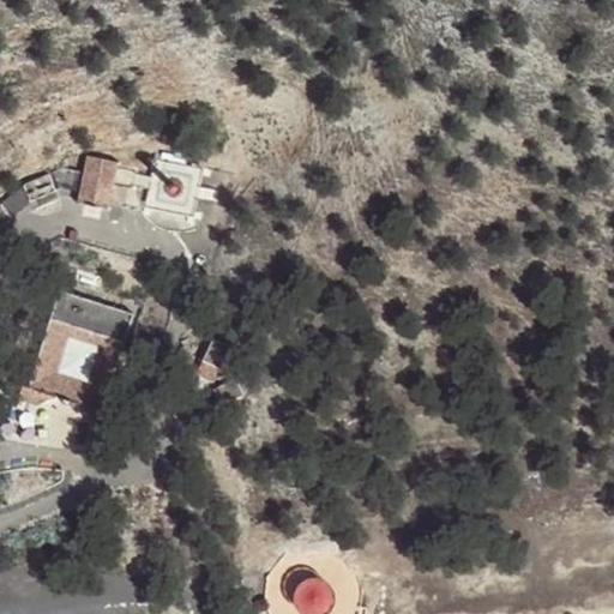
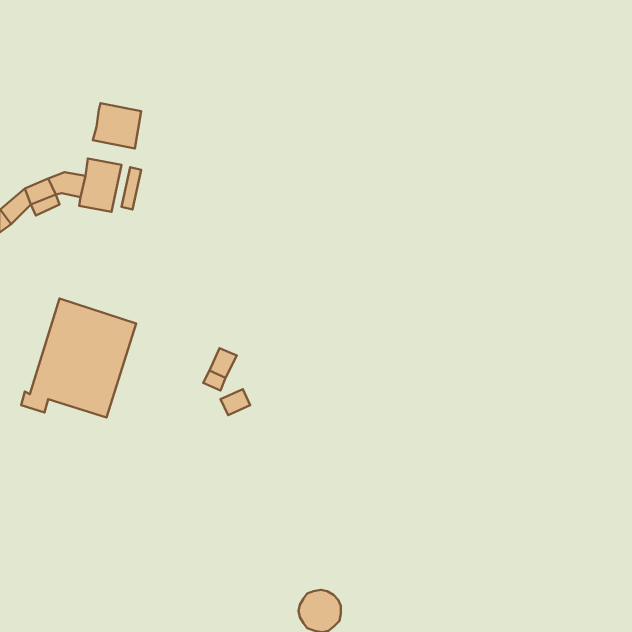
building: none -> [93,103,141,148]

